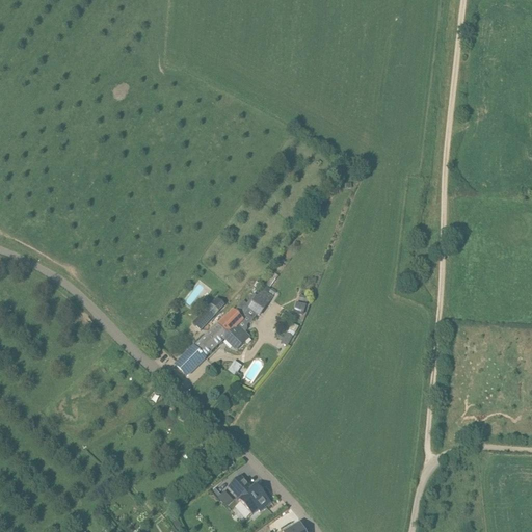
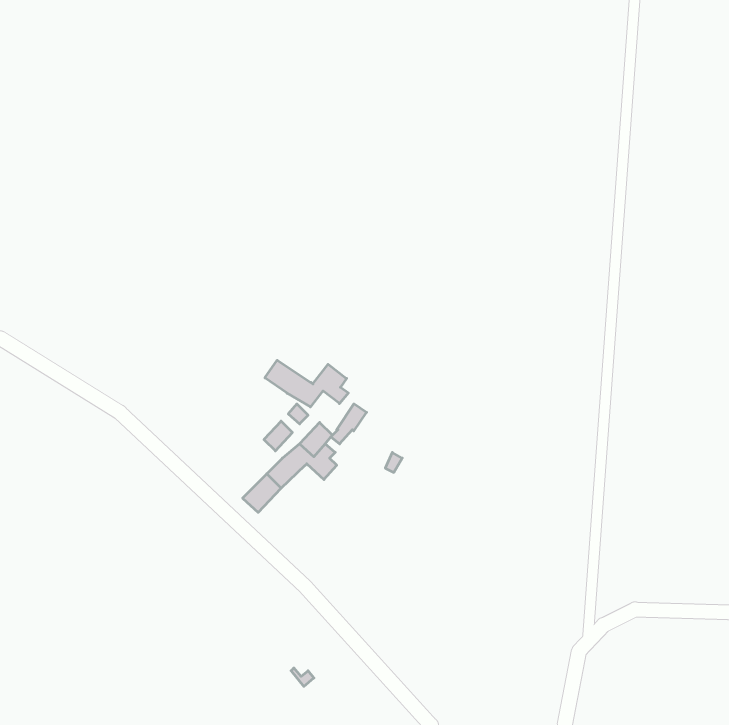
building: none -> [265,360,348,407]
building: [229,474,270,512] -> none

